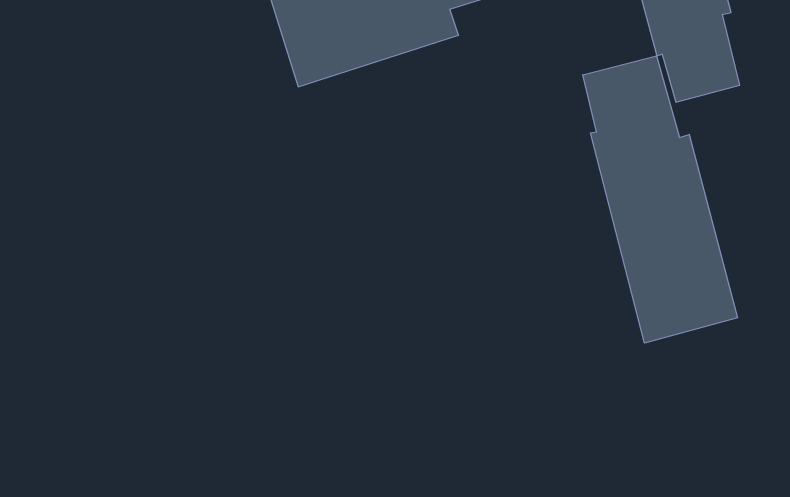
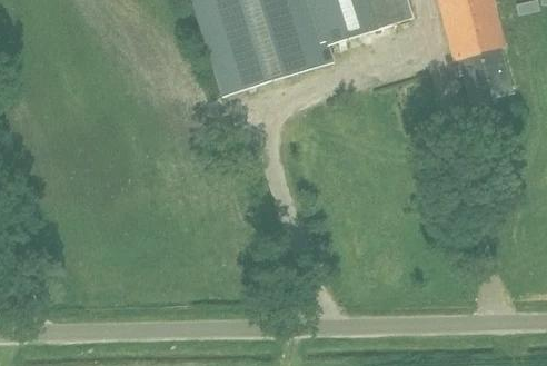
building: [583,56,738,343] -> none

